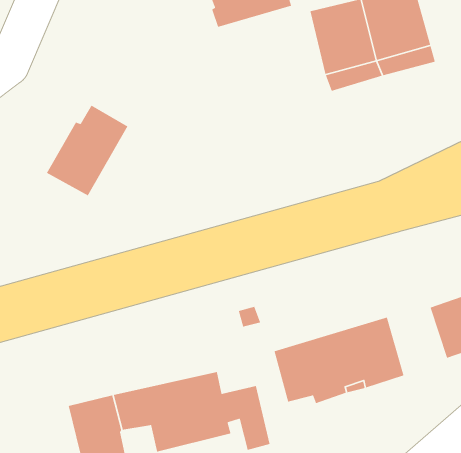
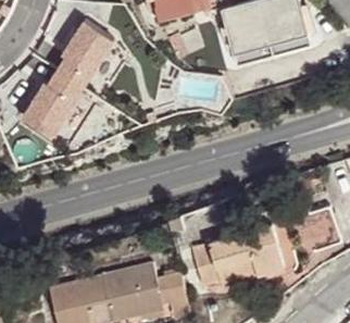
building: none -> [64,26,118,92]

